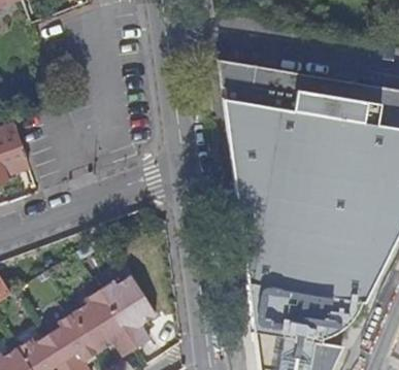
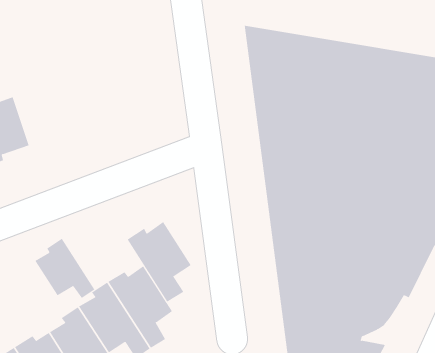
building: none -> [127,221,192,302]
building: none -> [35,238,95,299]

